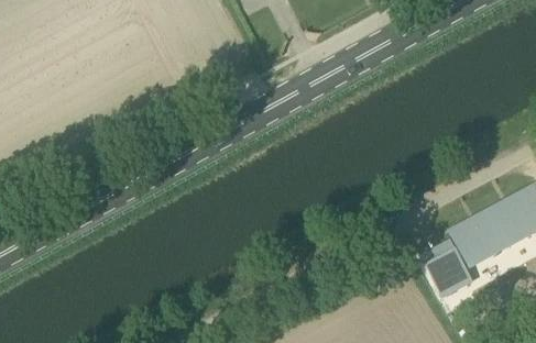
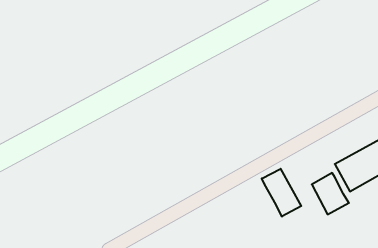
building: none -> [262,169,301,217]

